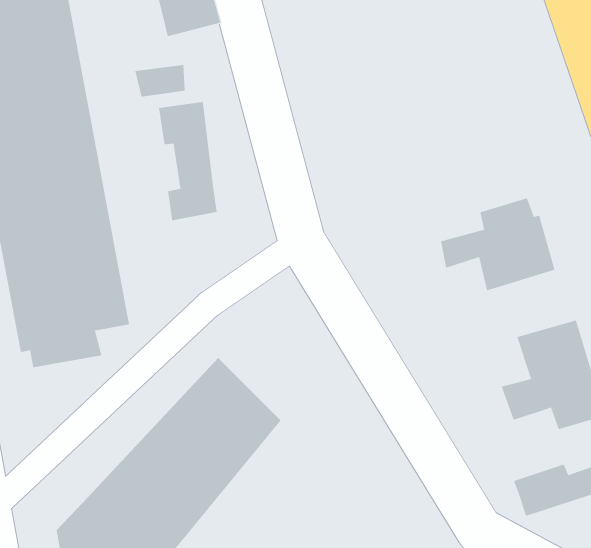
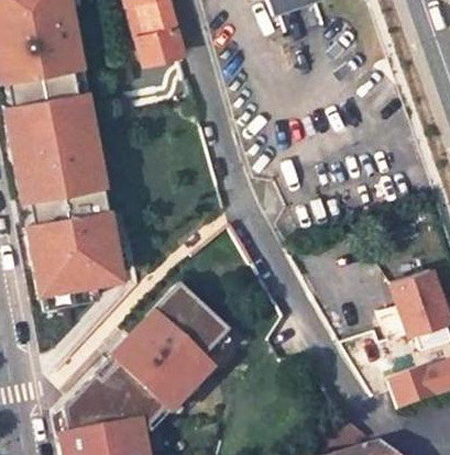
building: [158,101,217,221] -> none
building: [440,198,555,291] -> none

